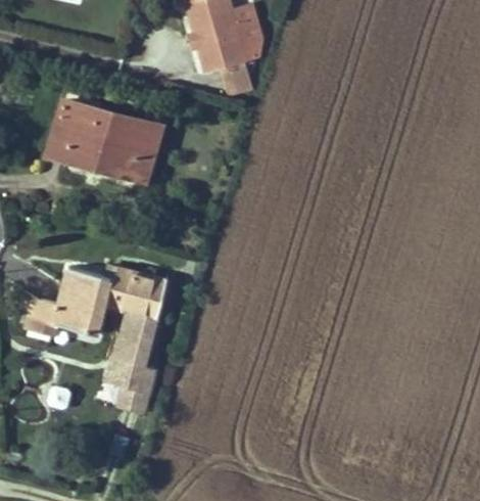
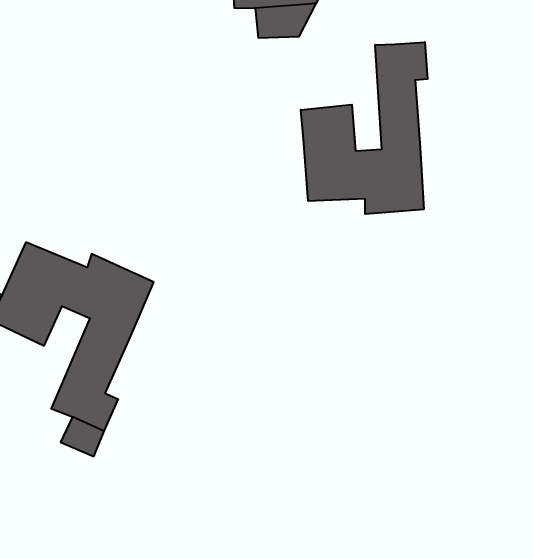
building: none -> [301,42,427,214]
building: [49,100,161,183] -> none

